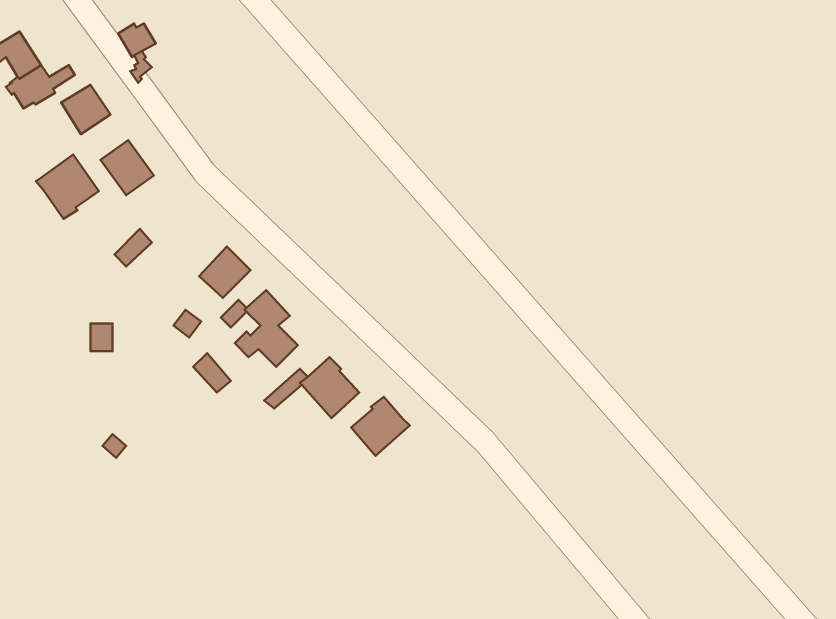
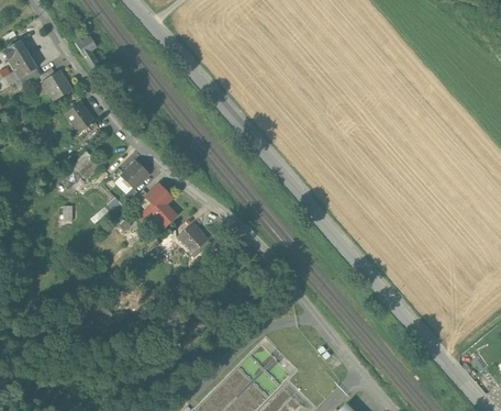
building: [36,154,99,219] -> none
building: [351,397,410,456] -> none

